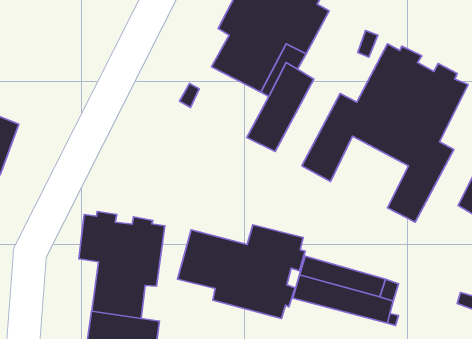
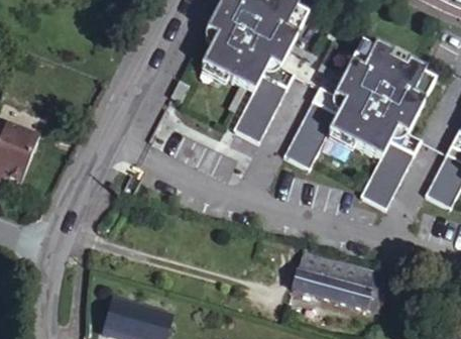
building: [79,212,165,318] -> none
building: [178,225,305,318] -> none

